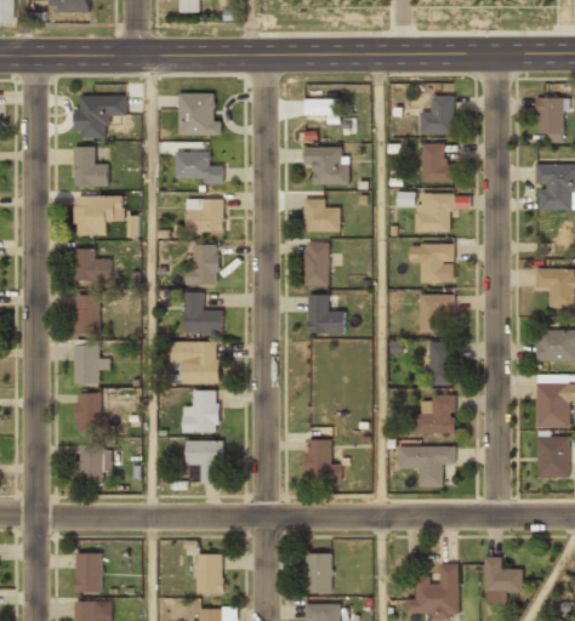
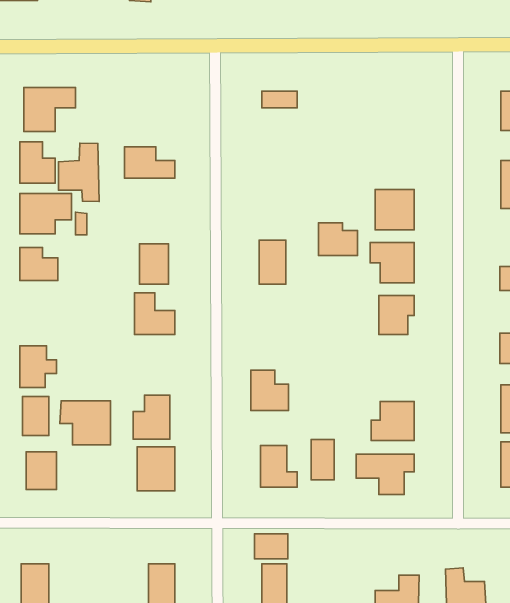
building: [178,92,221,135] -> none
building: [420,96,454,133] -> none
building: [422,143,454,181] -> none
building: [304,147,349,184] -> none
building: none -> [59,143,99,202]
building: [187,200,224,232] -> none
building: [303,200,341,232] -> [319,223,358,256]
building: [308,292,345,331] -> [251,370,289,411]
building: [75,294,101,334] -> none
building: [170,341,218,383] -> [60,401,110,445]
building: [429,343,452,386] -> none
building: none -> [311,440,334,480]
building: none -> [254,534,288,559]

